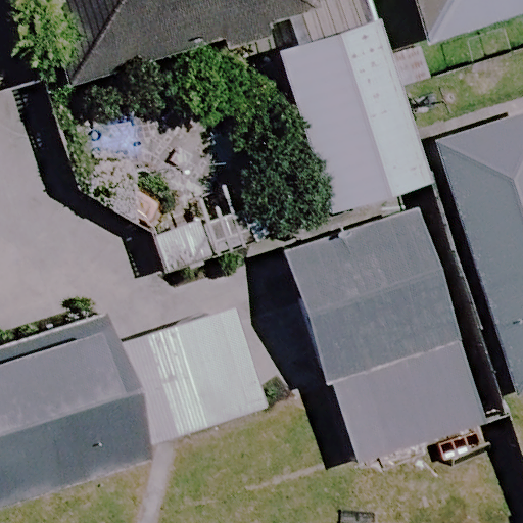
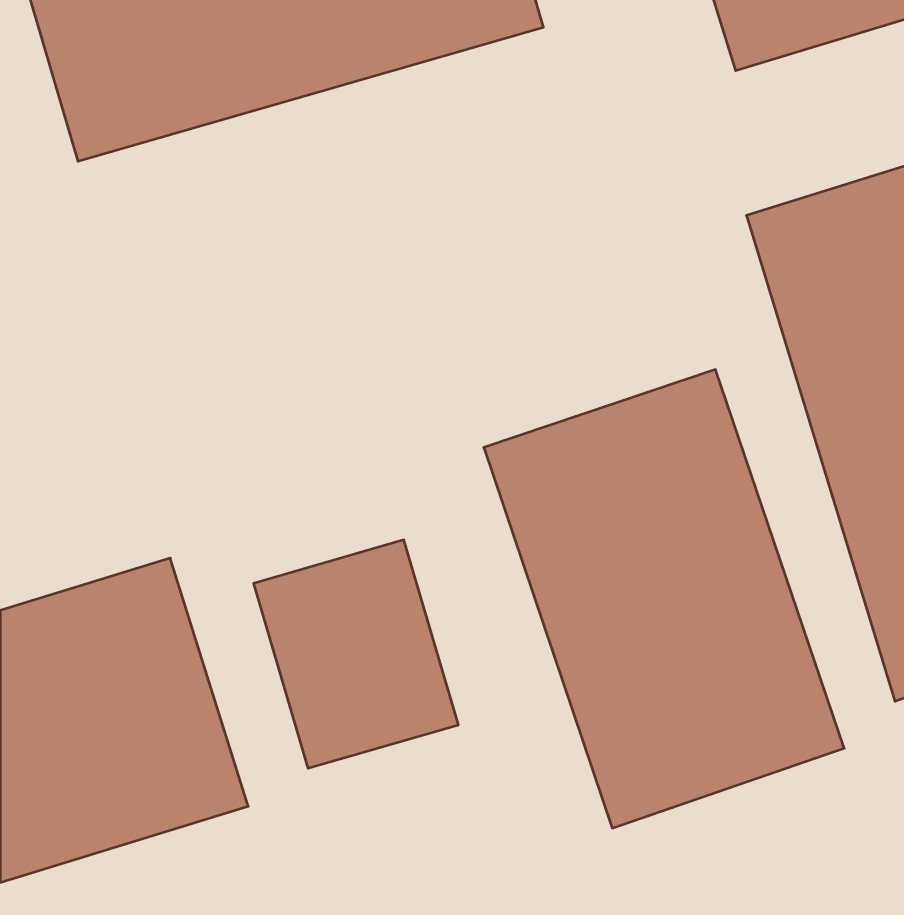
building: [278,19,430,212] -> none

